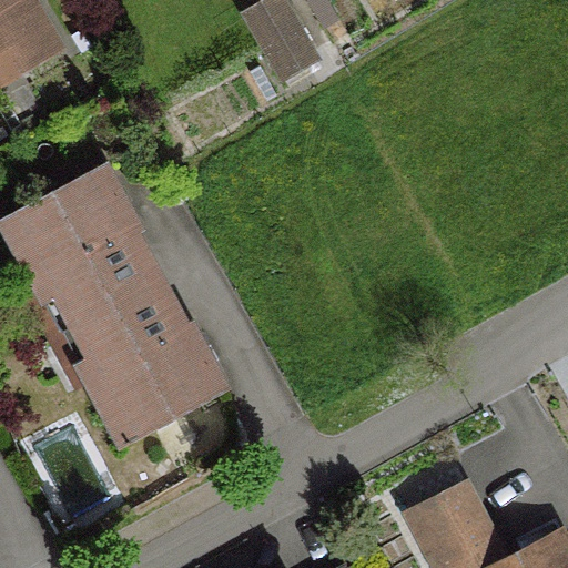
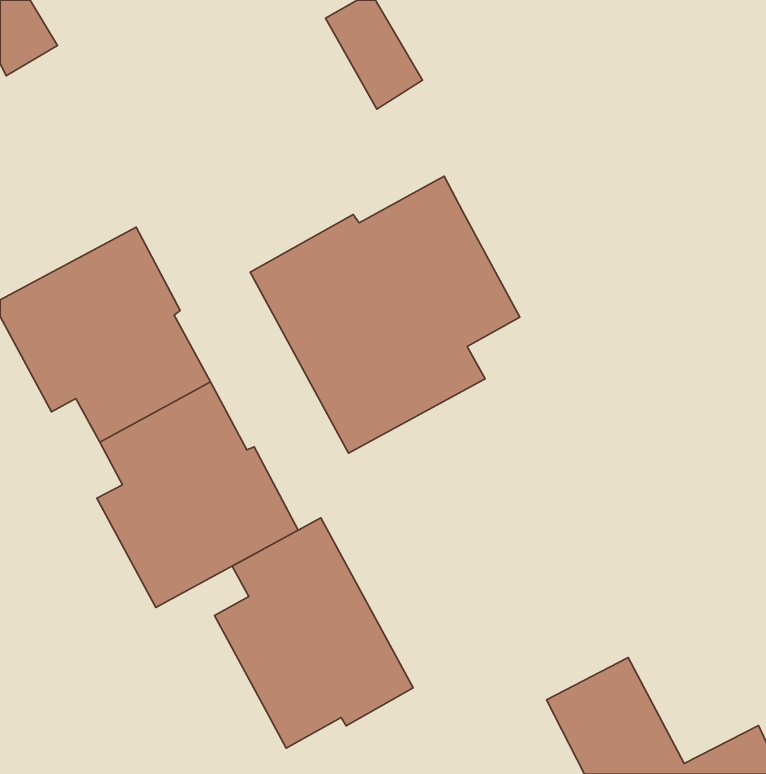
building: none -> [250,176,520,453]
building: none -> [215,518,413,748]

